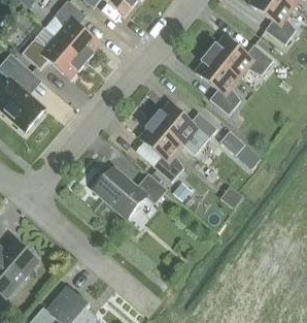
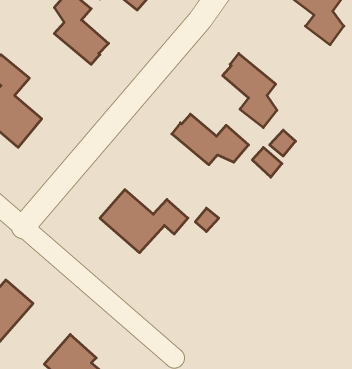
building: [21,35,86,77] -> none
building: [208,35,273,77] -> none
building: [138,119,183,182] -> none

